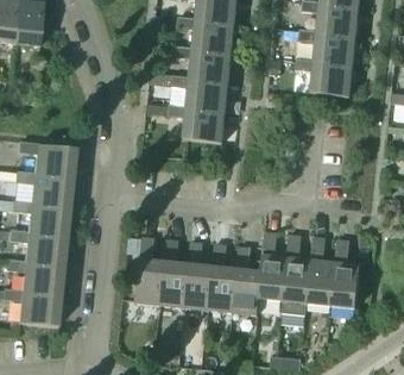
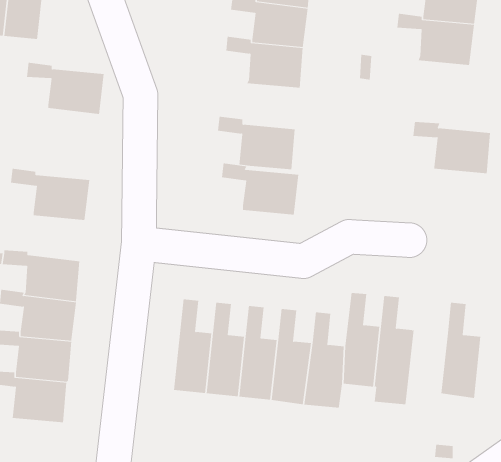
building: [295,57,352,95] -> [412,121,491,174]
building: [171,74,228,112] -> [221,163,299,215]
building: [14,170,71,208] -> [26,62,105,115]
building: [307,236,335,305] -> none

